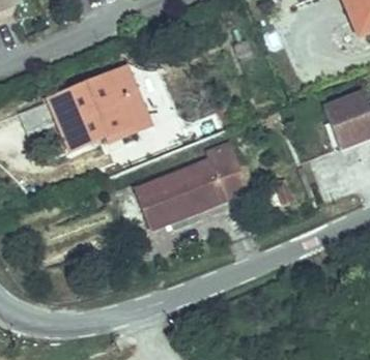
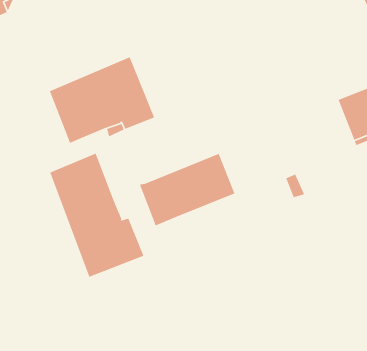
building: [211,149,247,196] -> none
building: none -> [49,152,144,278]

